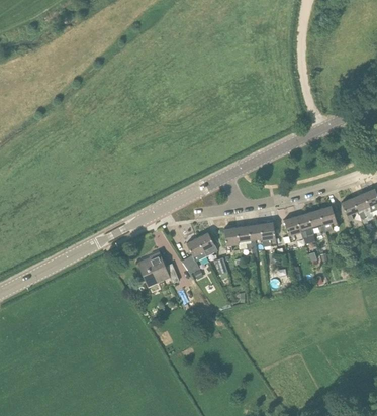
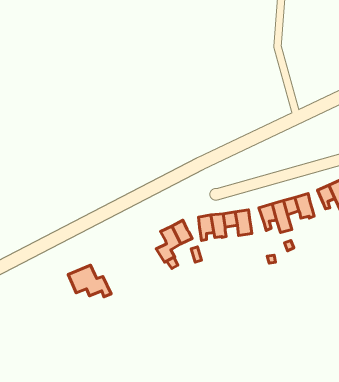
building: [136,252,179,284] -> [68,265,111,297]

